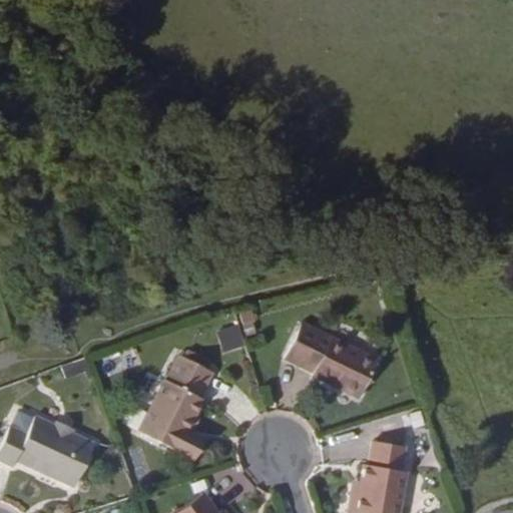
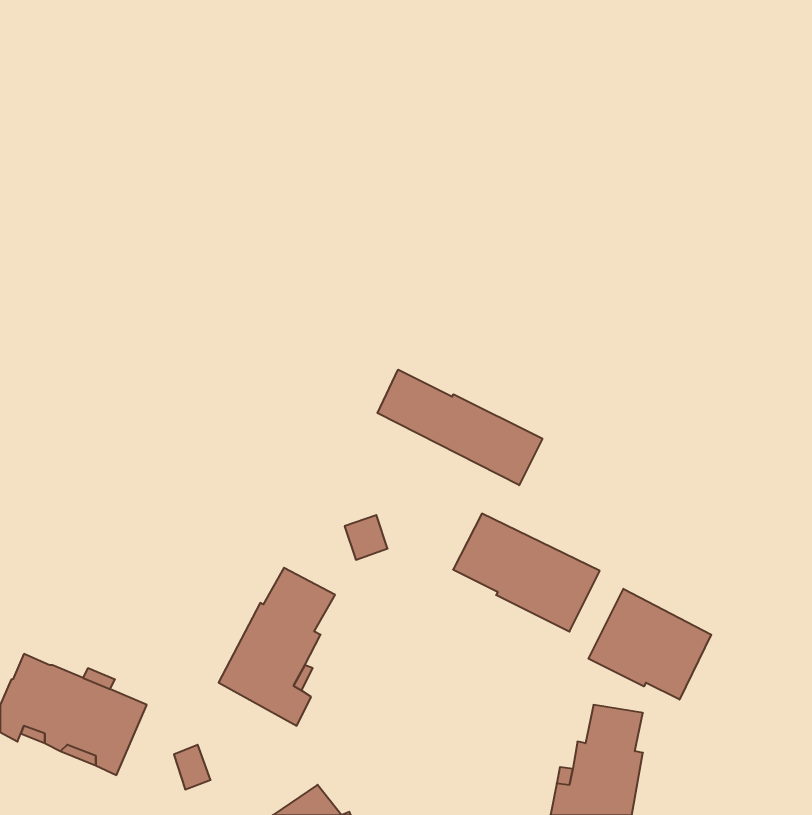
building: none -> [377,370,542,485]
building: none -> [588,589,711,700]

